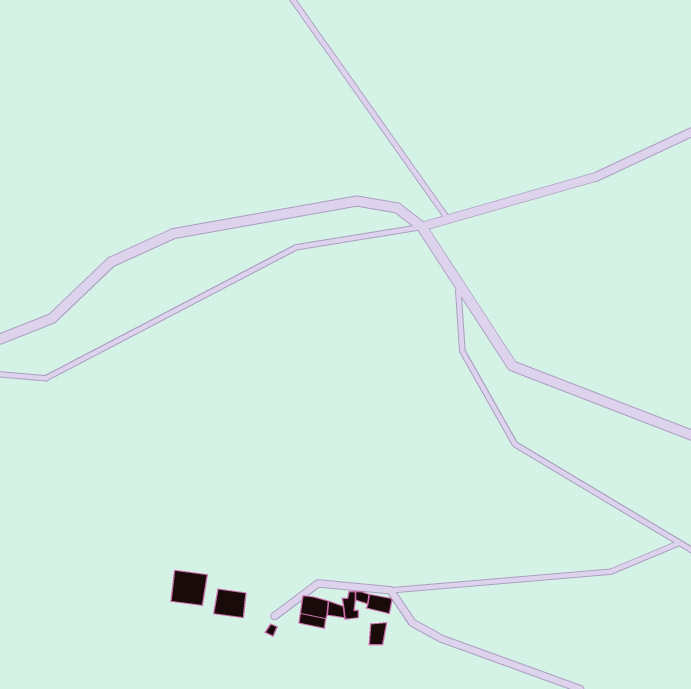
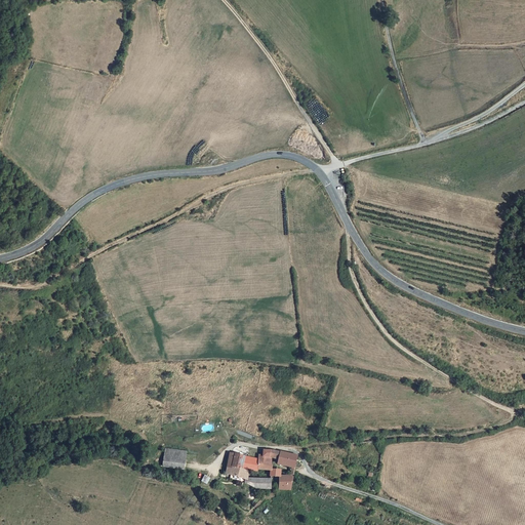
building: [171,570,207,606] -> none

